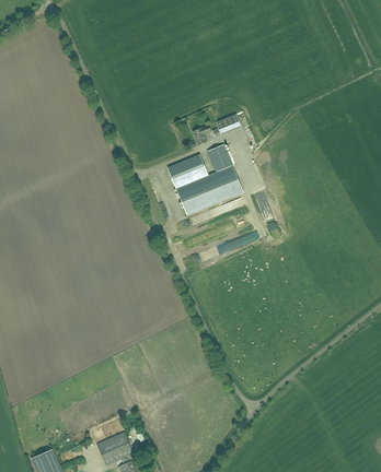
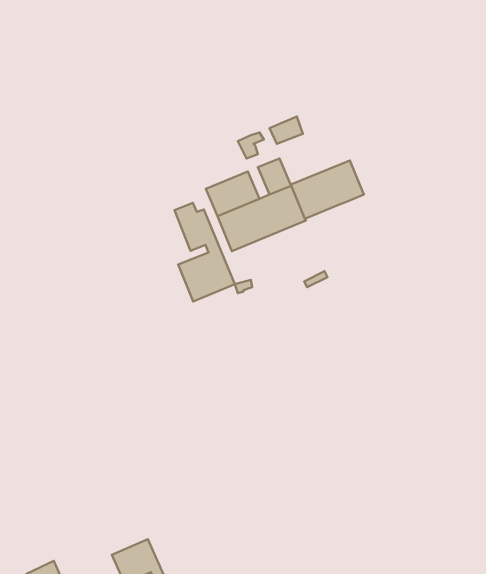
building: none -> [291,160,364,219]
building: none -> [174,203,235,301]

